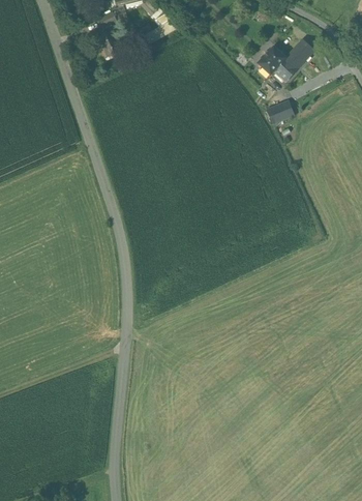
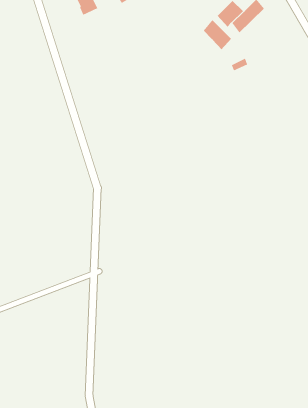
building: none -> [203,19,232,50]

